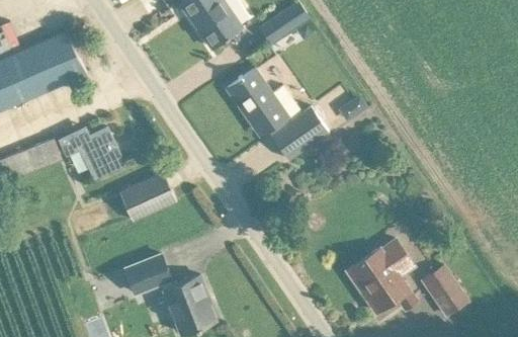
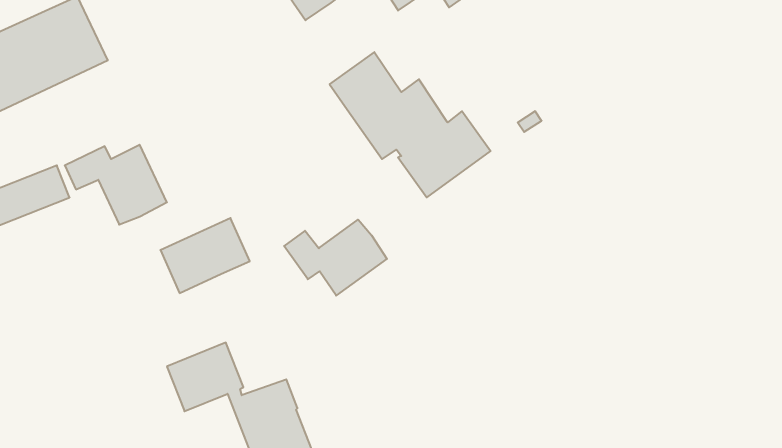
building: none -> [284,220,387,296]
building: [346,238,415,313] -> none
building: [422,265,466,314] -> none

